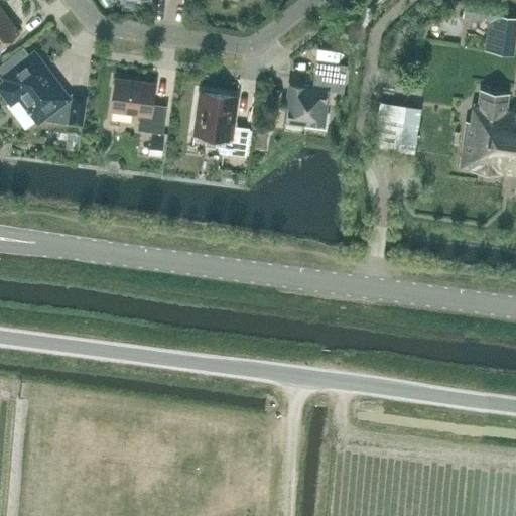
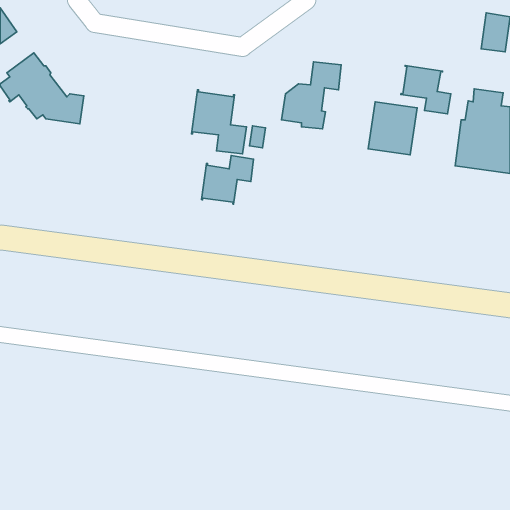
building: none -> [401,66,451,114]
building: [110,79,166,133] -> none
building: none -> [202,156,254,204]

